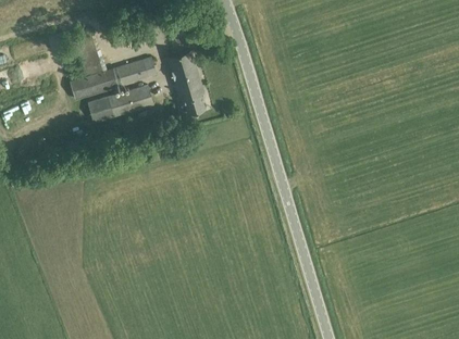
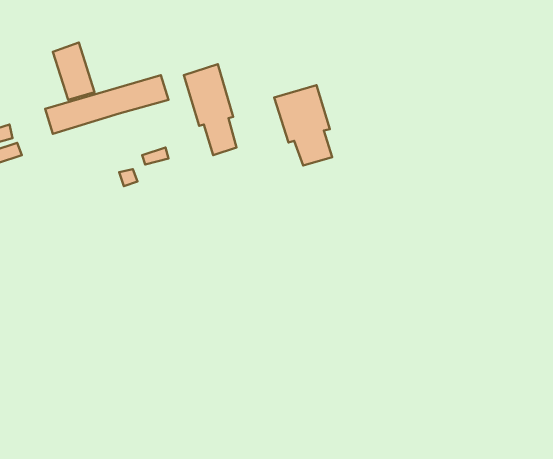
building: none -> [274,85,332,165]
building: [88,85,153,123] -> none

